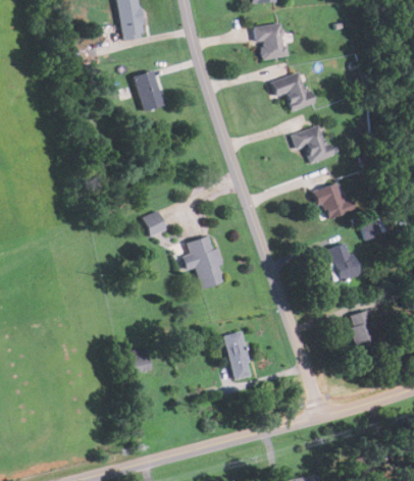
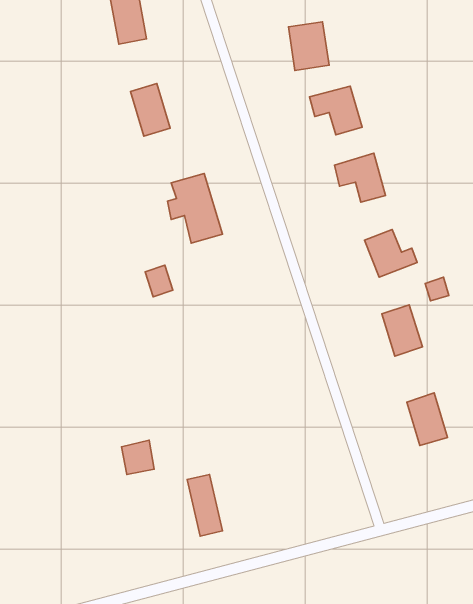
building: [184,234,226,288] -> [167,174,223,243]
building: [224,331,252,379] -> [187,474,223,536]

